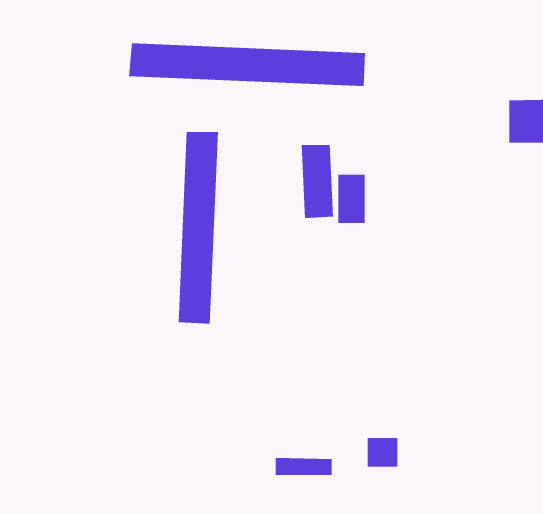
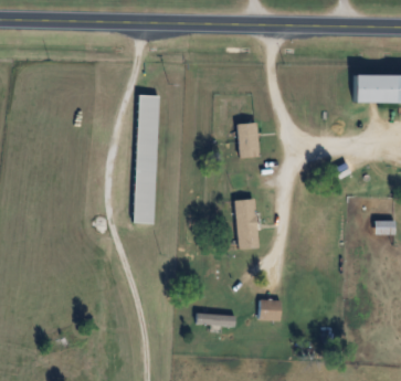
building: [128,43,365,87] -> none
building: [301,144,334,218] -> [235,200,257,250]

